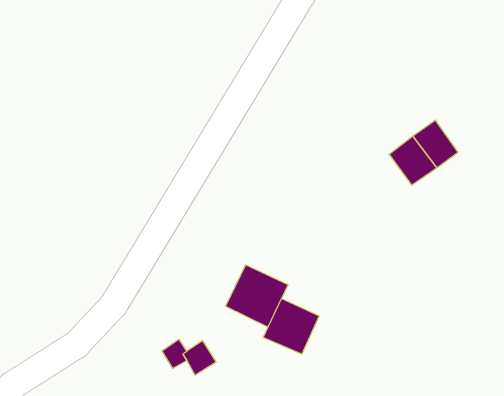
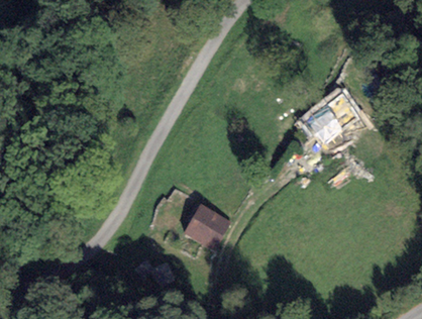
building: [263,298,319,354] -> none

